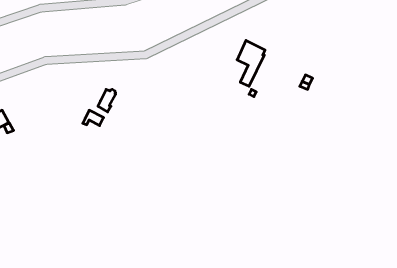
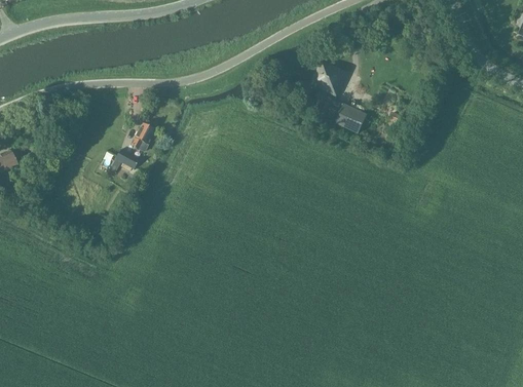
building: none -> [334,104,366,133]

